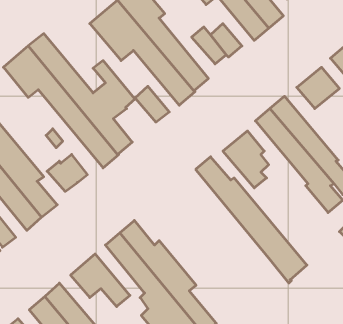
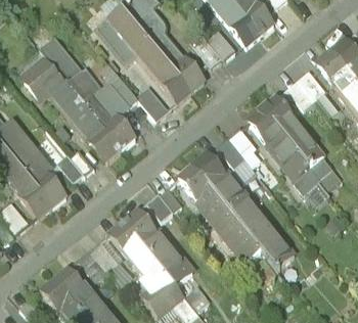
building: none -> [180,166,261,260]
building: none -> [147,189,183,221]

